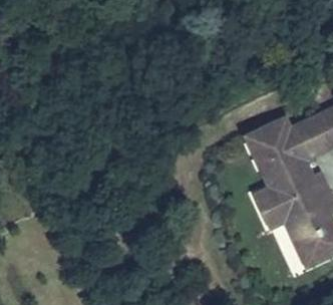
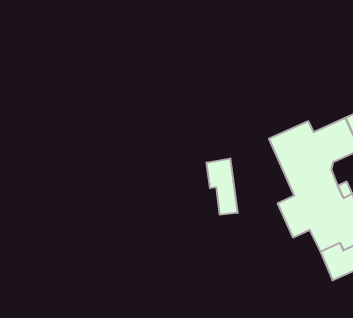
building: none -> [207,158,238,215]

